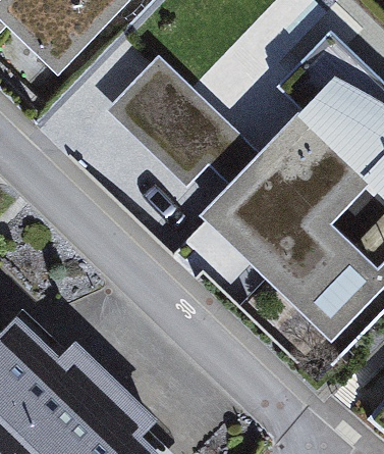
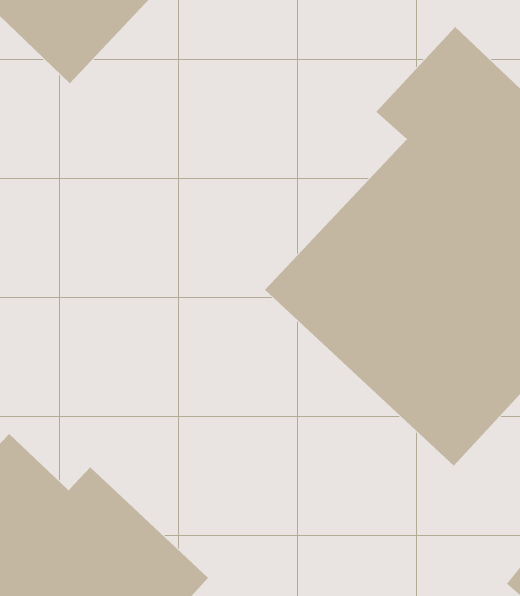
building: [107,57,239,189] -> none

